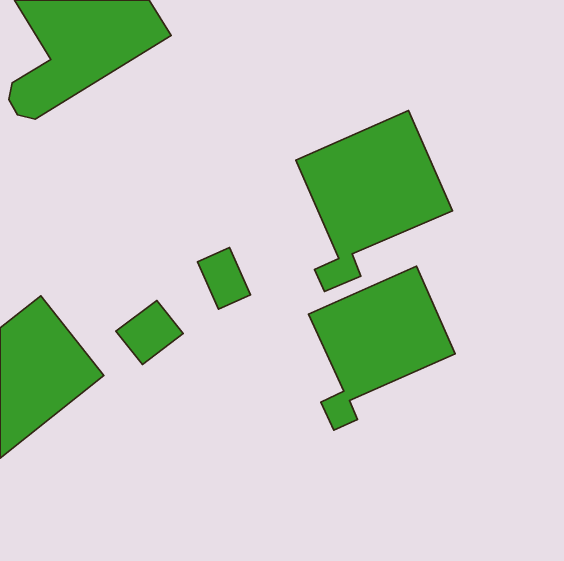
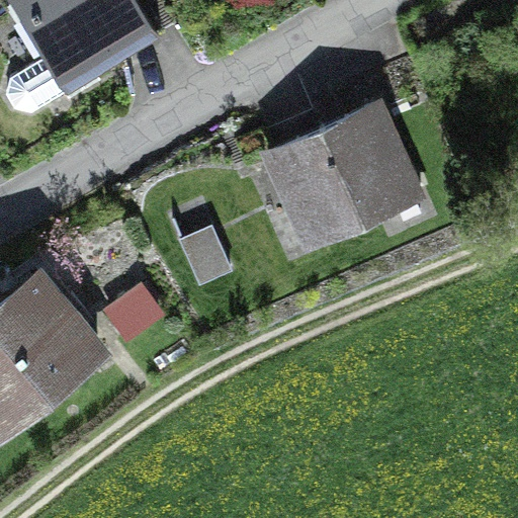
building: [309,266,455,430] -> none

